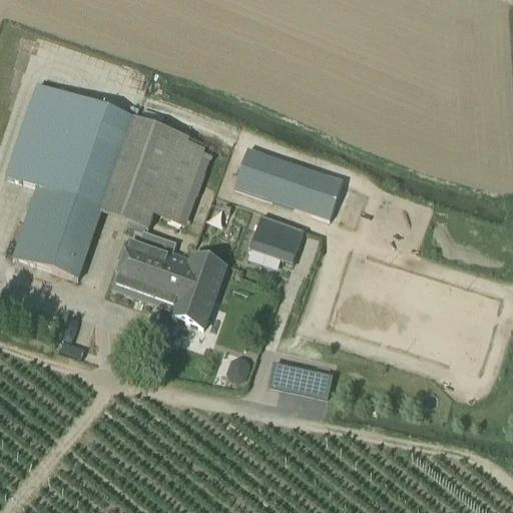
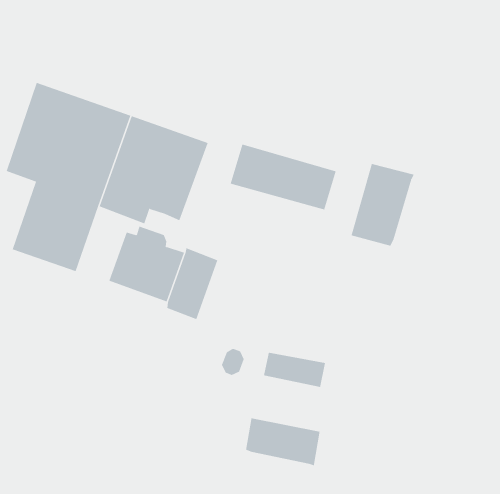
building: none -> [351,163,414,246]
building: [249,215,304,264] -> none
building: none -> [245,417,320,466]

